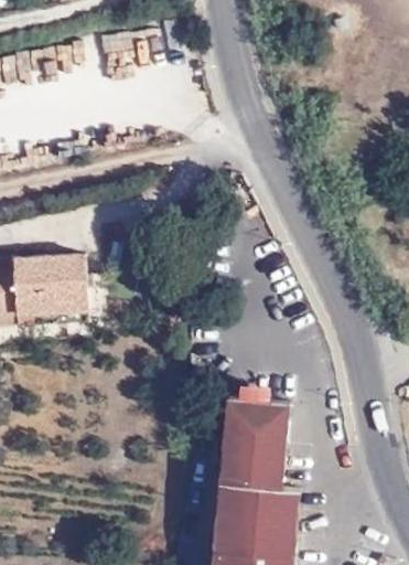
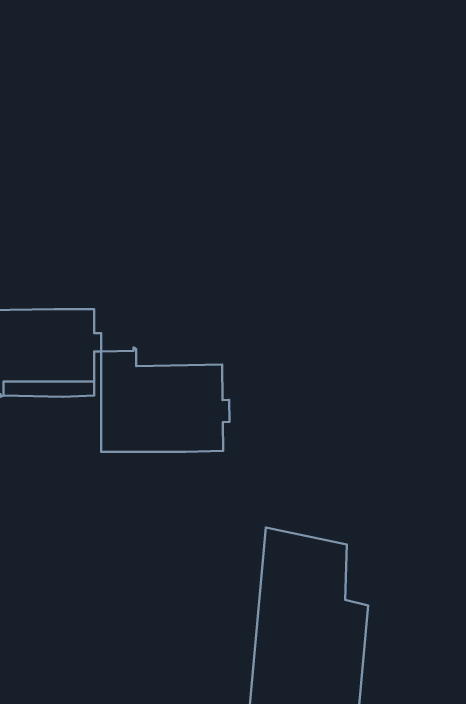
building: none -> [101,348,229,452]
building: [223,393,288,437] -> none

